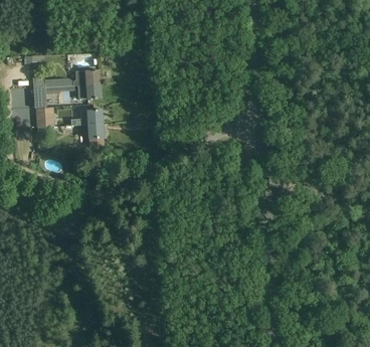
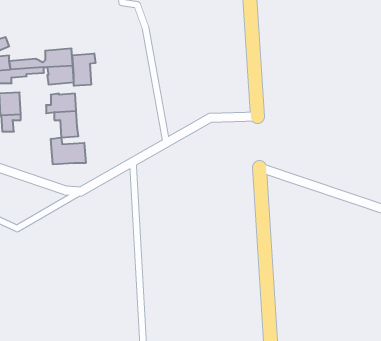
building: none -> [72,53,95,86]
building: none -> [51,137,86,164]

